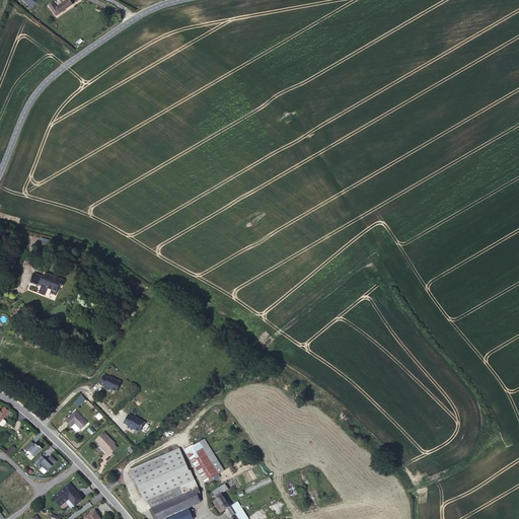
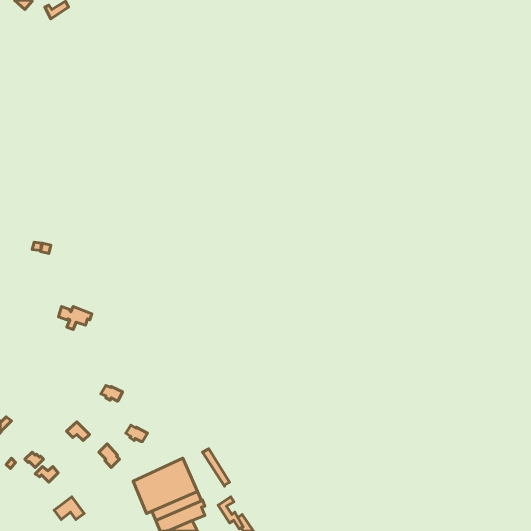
building: [29,273,62,295] -> [59,306,92,329]
building: [186,441,219,481] -> none

